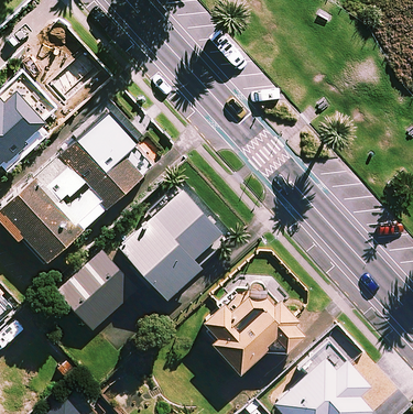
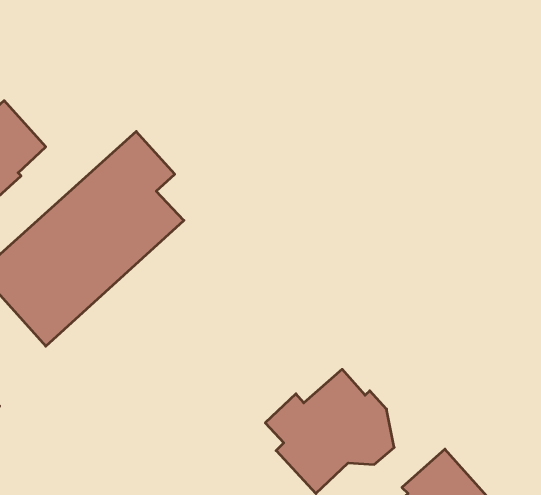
building: [119,190,229,301] -> none
building: [56,253,137,333] -> none

